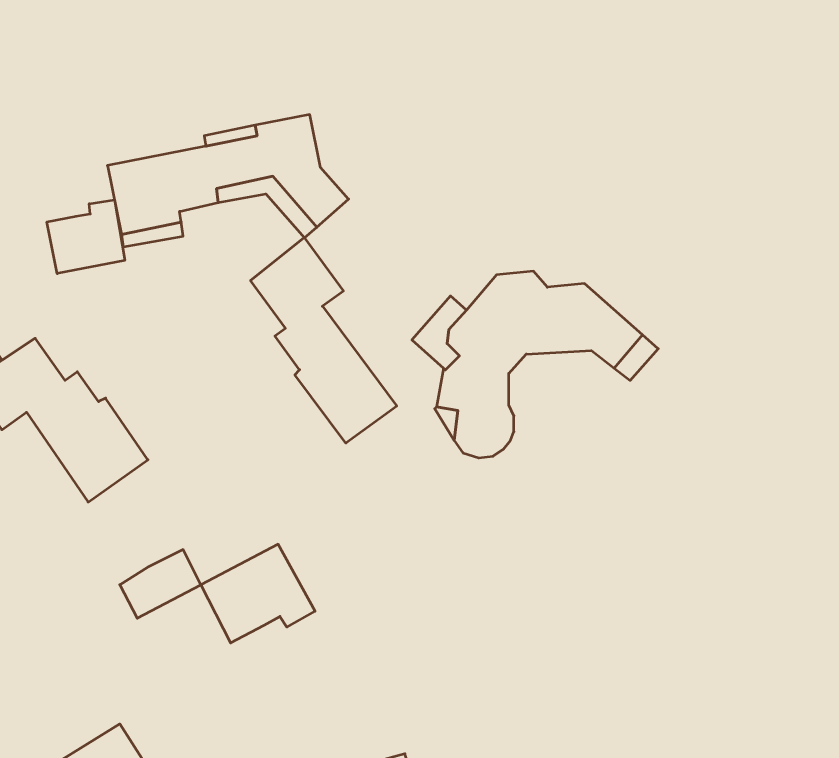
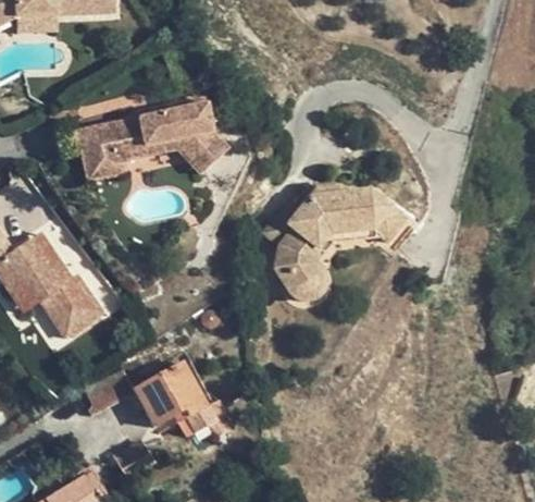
building: [47,200,125,274] -> none
building: [251,238,397,443] -> none
building: none -> [174,399,234,437]

